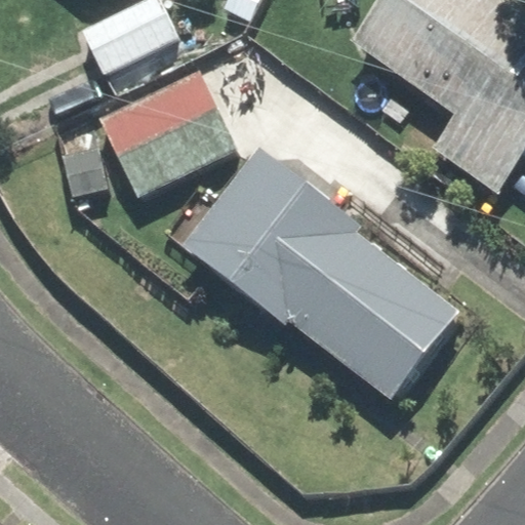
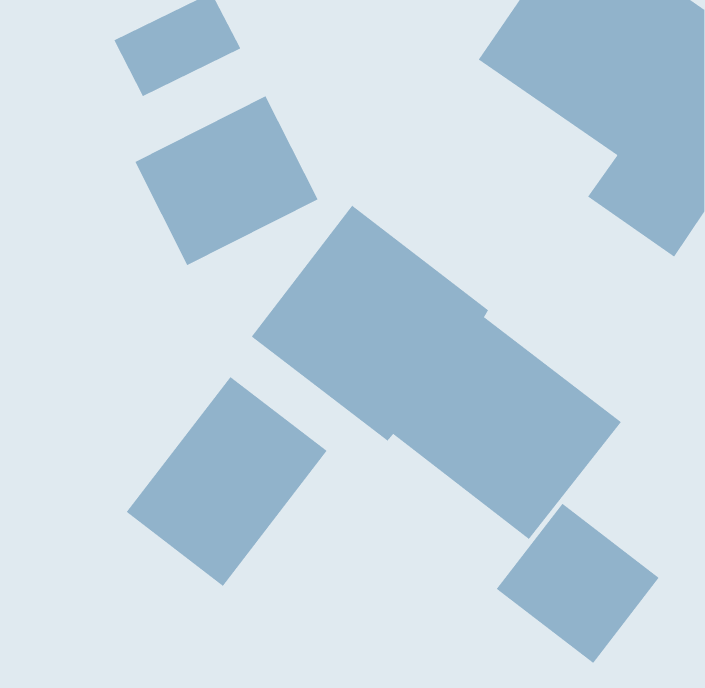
building: none -> [126,376,327,587]
building: none -> [496,503,659,664]

